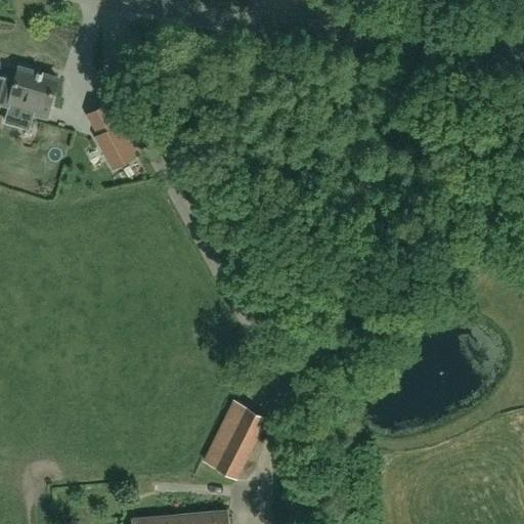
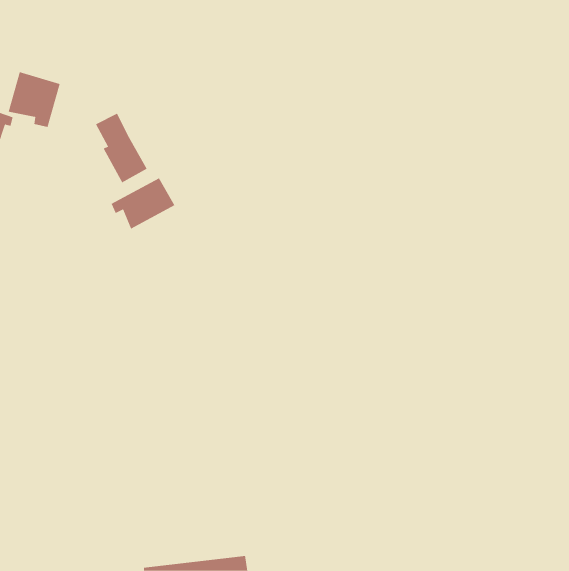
building: none -> [111,177,175,229]
building: [203,401,266,478] -> none

